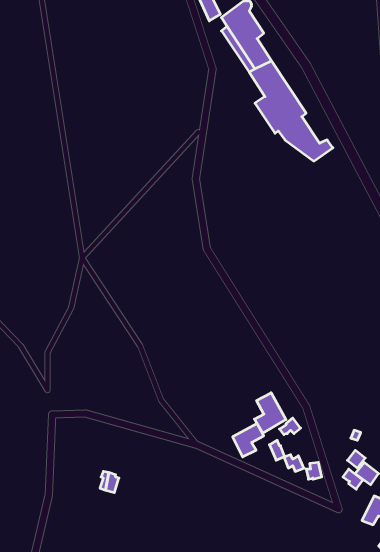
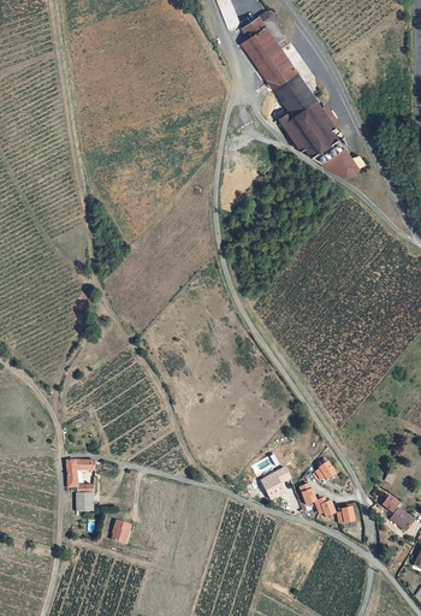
building: [254,393,286,433] -> none
building: none -> [66,461,97,507]

